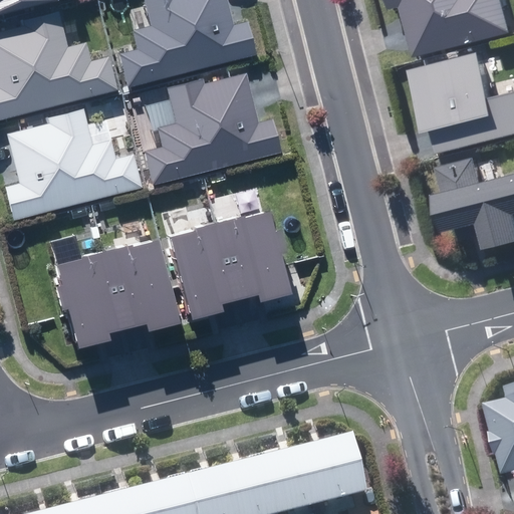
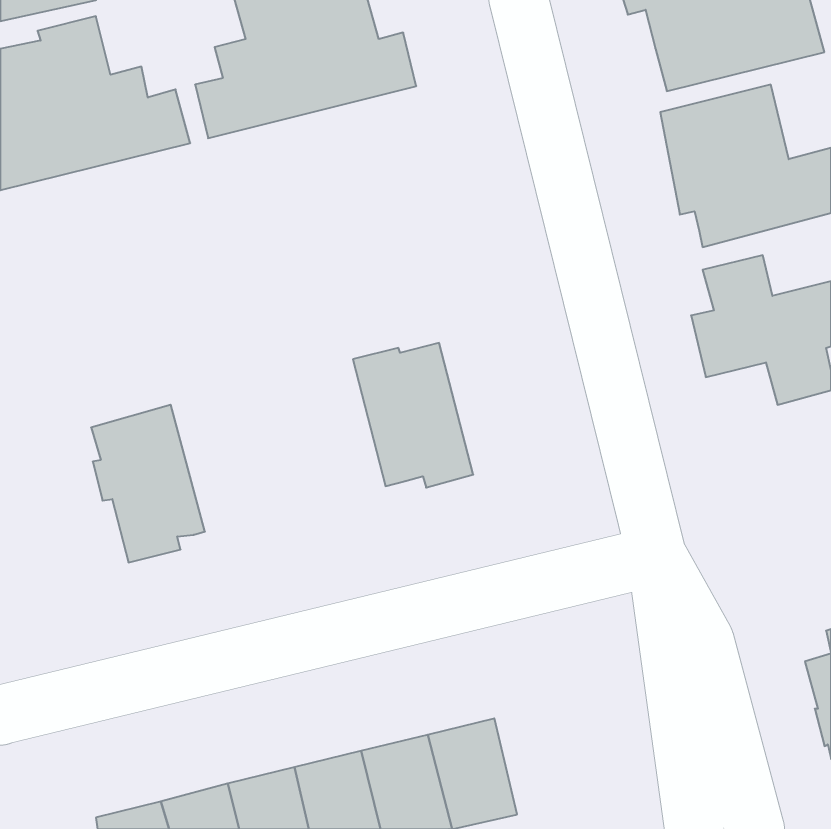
building: [145,73,281,184] -> none
building: [6,107,142,219] -> none
building: [172,222,238,319] -> none
building: [105,240,180,330] -> none
building: [305,434,360,503] -> none

